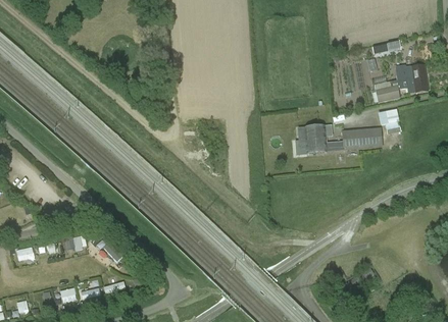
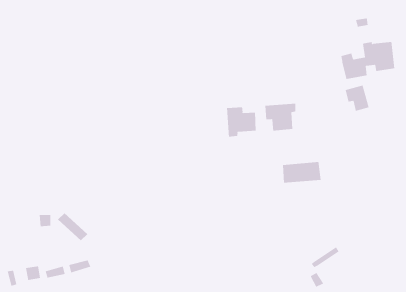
building: [342,127,381,149] -> [282,162,321,183]
building: none -> [227,107,256,138]

